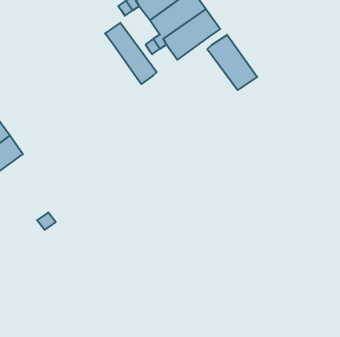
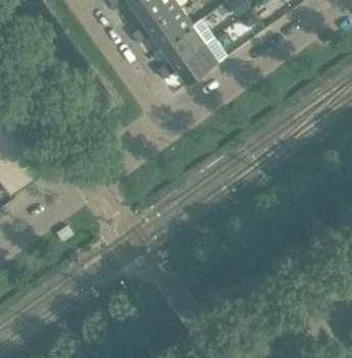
building: [105,23,157,84] -> none
building: [207,35,257,90] -> none

